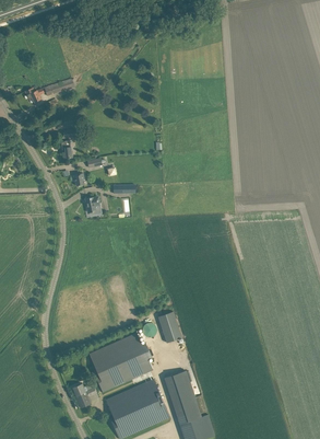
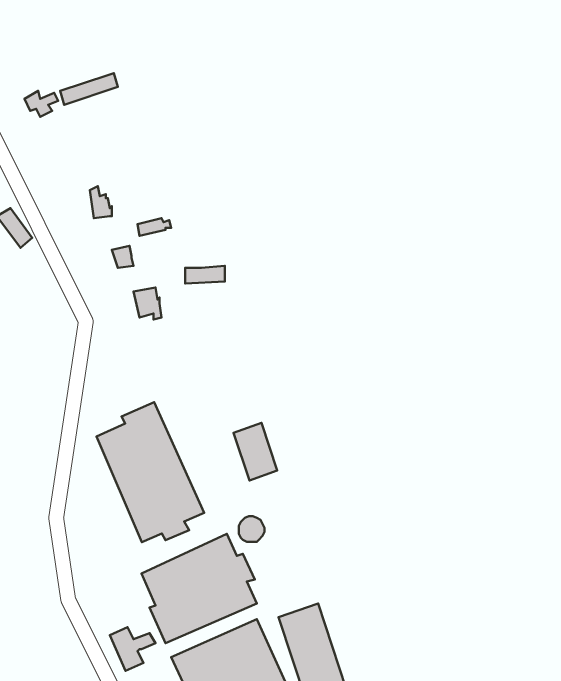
building: none -> [96,402,204,542]
building: [157,311,181,343] -> [234,423,277,480]

